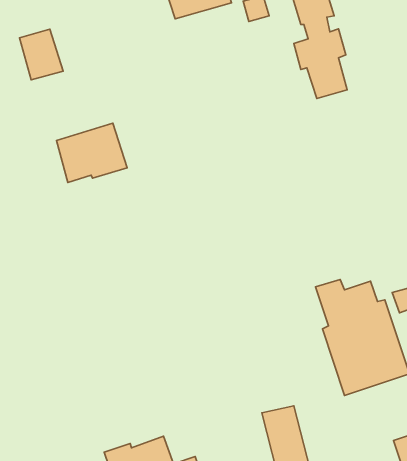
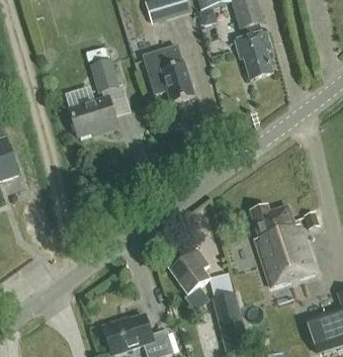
building: [20,29,63,80] -> [90,57,120,92]
building: none -> [144,44,194,102]
building: none -> [169,248,210,309]

